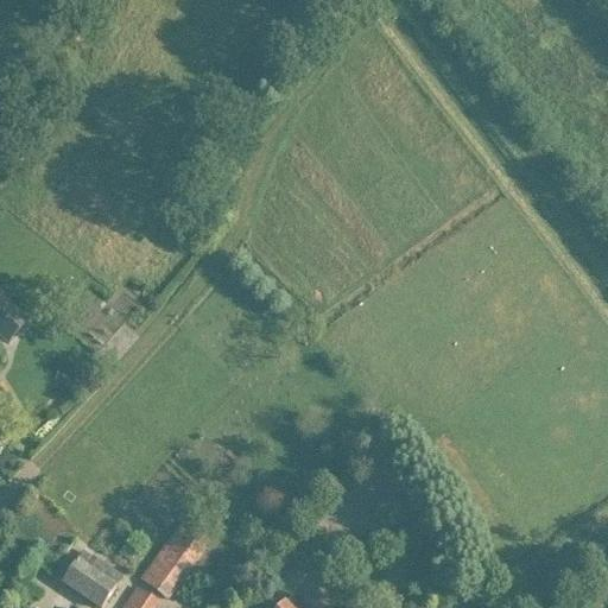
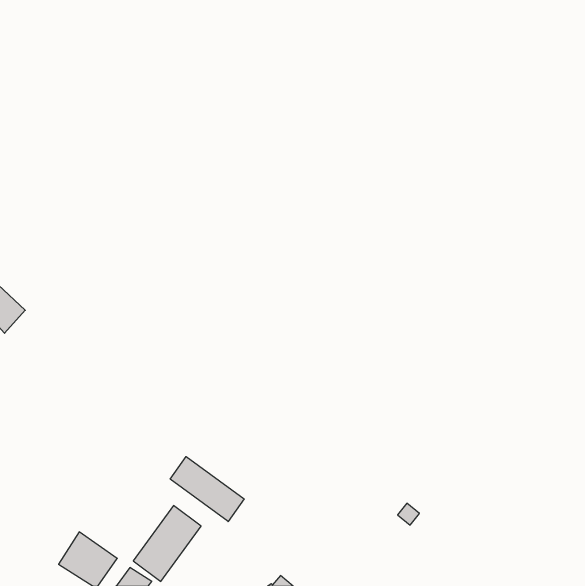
building: none -> [170,457,244,522]

